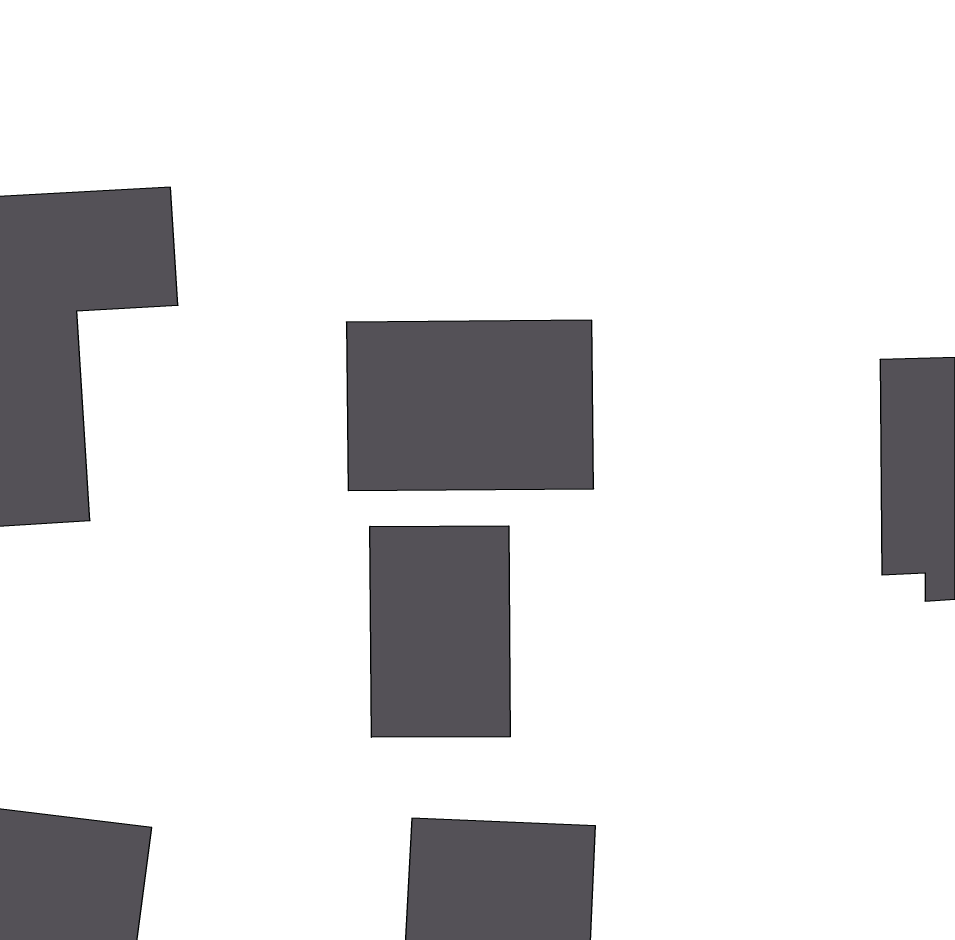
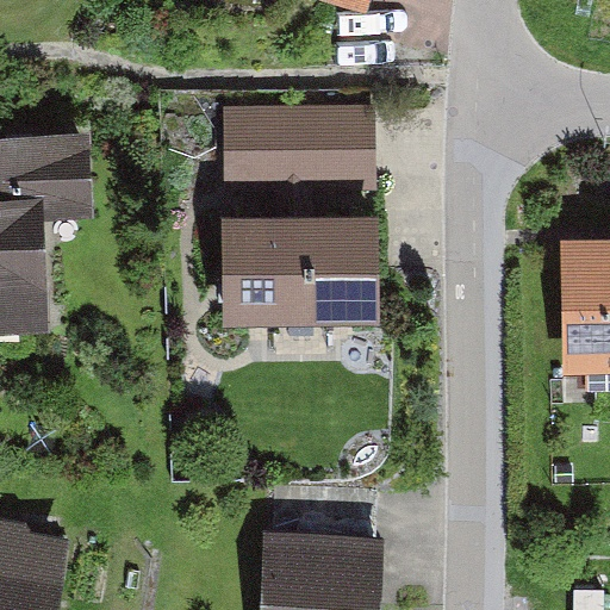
building: none -> [224,116,374,183]
building: [370,526,510,737] -> none

